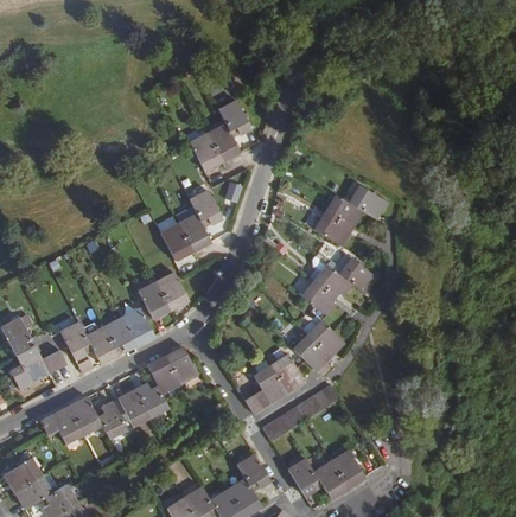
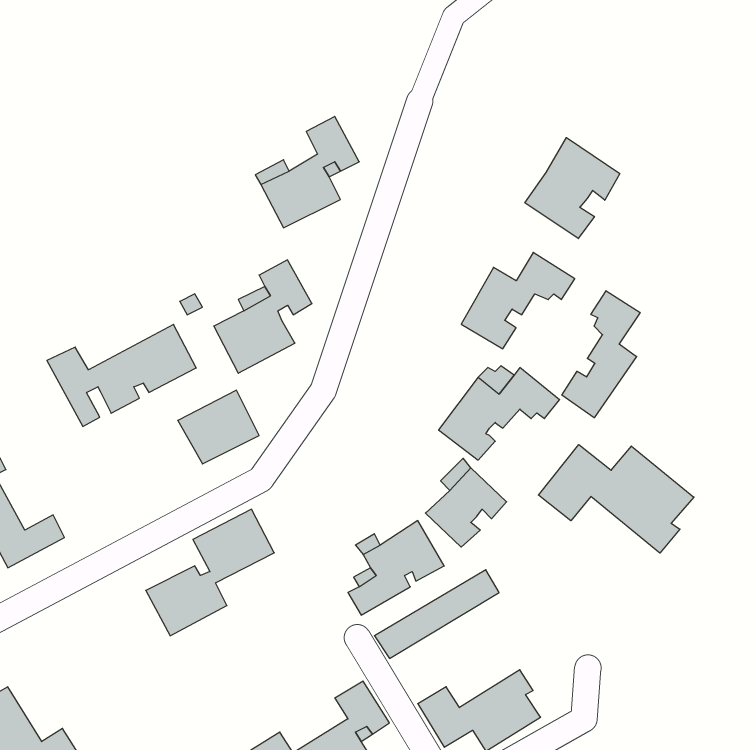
building: none -> [525,138,620,239]
building: none -> [562,291,640,418]
building: none -> [538,445,694,553]
building: [59,308,153,372] -> [47,324,196,426]
building: [40,396,126,443] -> none

